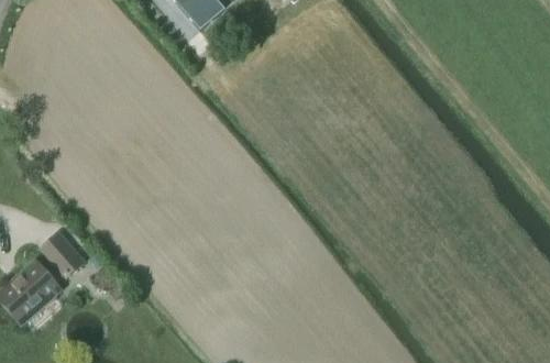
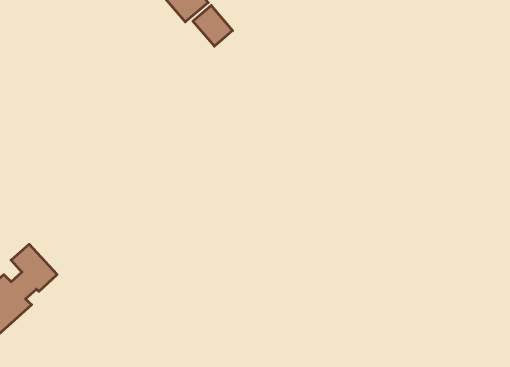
building: none -> [193,5,233,46]

